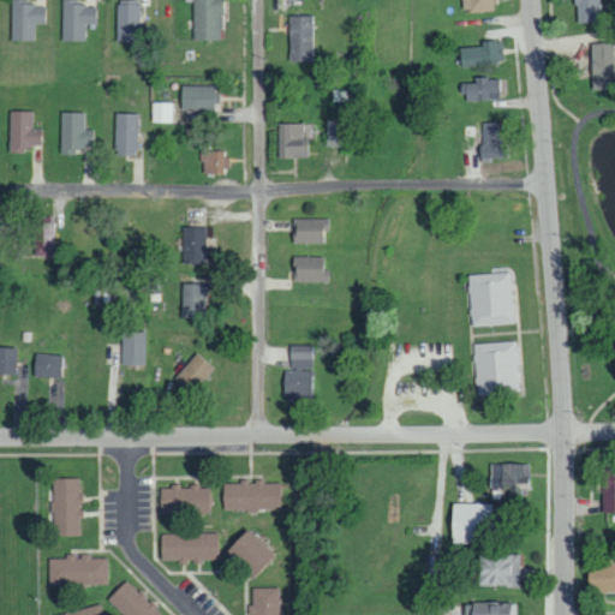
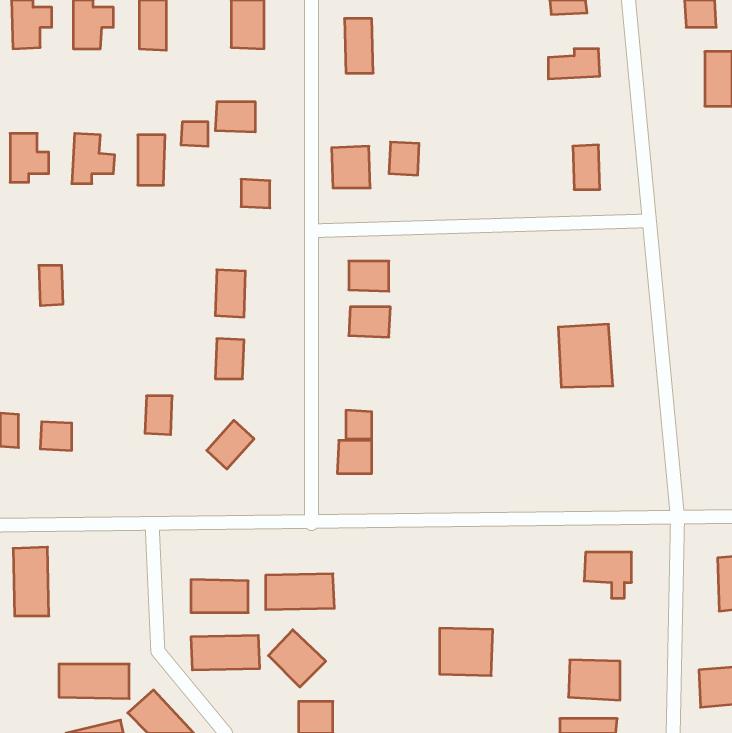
building: [465,79,500,101] -> none
building: [474,341,519,394] -> none
building: [53,477,83,535] -> [13,547,49,616]
building: [450,502,495,542] -> [440,628,493,676]

